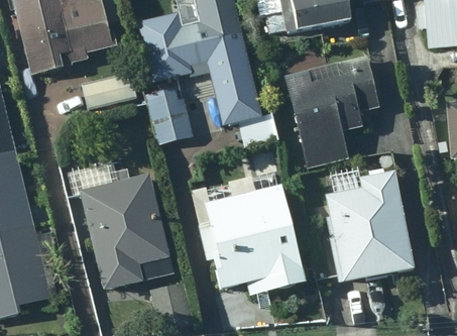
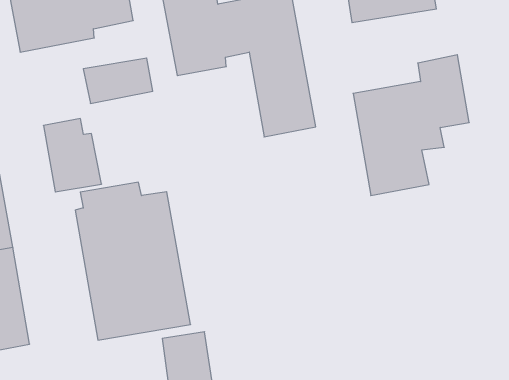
building: [147,86,195,143] -> [43,119,102,192]
building: [321,173,408,285] -> none
building: [197,185,305,293] -> none

